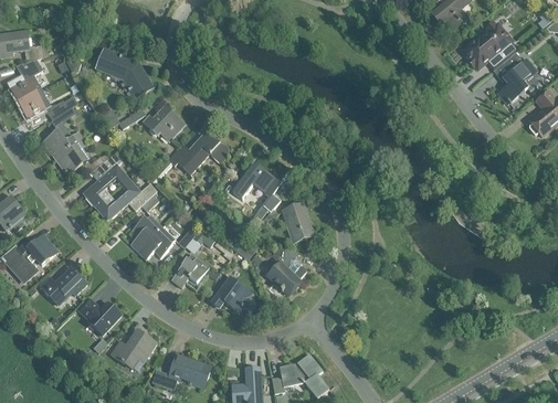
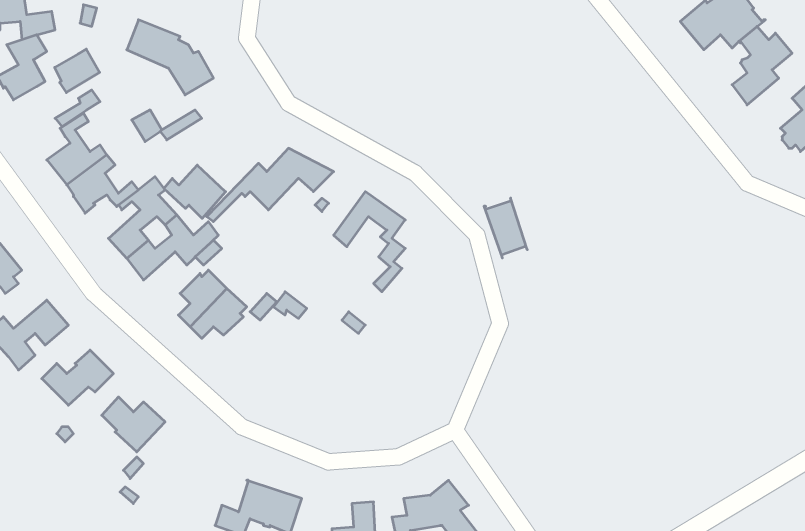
building: [20,89,50,118] -> [55,49,100,93]
building: [143,106,183,141] -> [164,165,226,218]
building: [283,203,312,243] -> [484,198,527,258]
building: [266,248,306,294] -> none
building: [170,254,208,287] -> none
building: [211,277,253,311] -> none
building: [110,329,156,368] -> none

